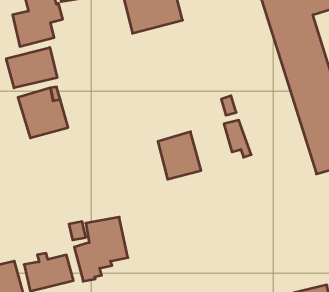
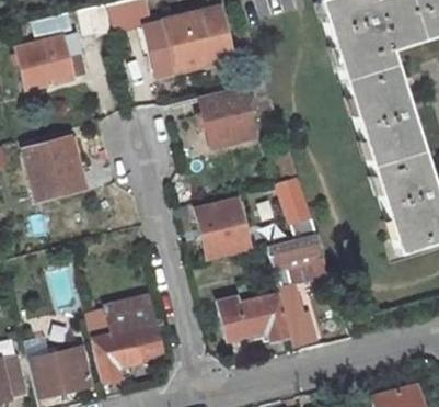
building: none -> [199,84,256,146]
building: [6,47,57,88] -> none
building: none -> [270,230,325,282]
building: none -> [221,293,294,339]

